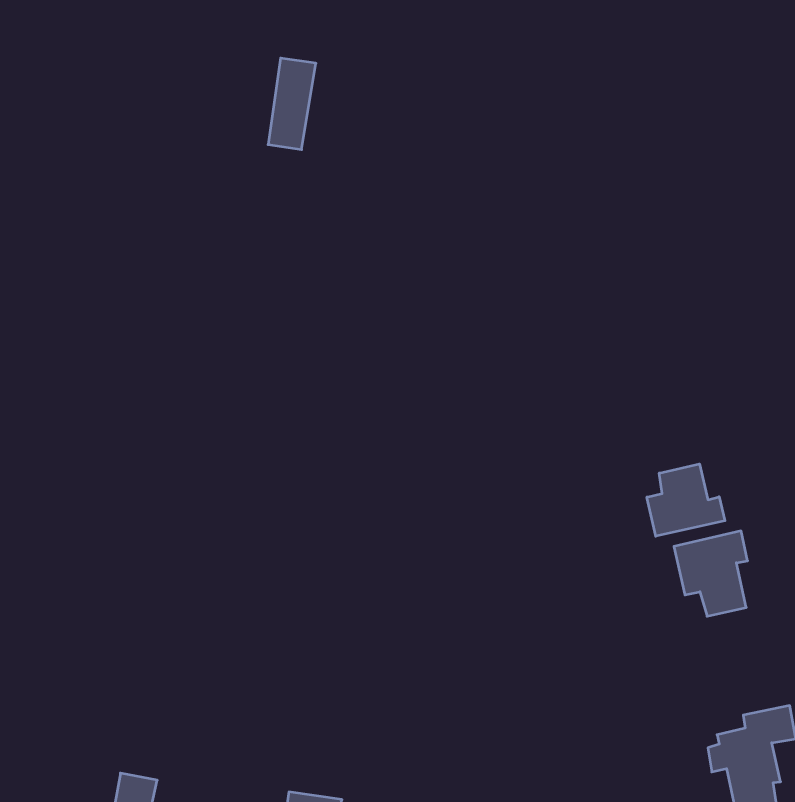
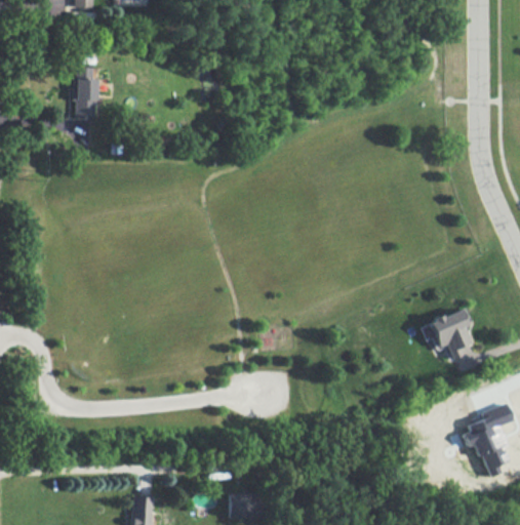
building: [268,58,316,150] -> [77,69,97,119]
building: [647,464,725,536] -> none

